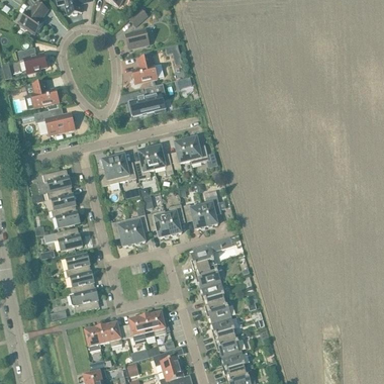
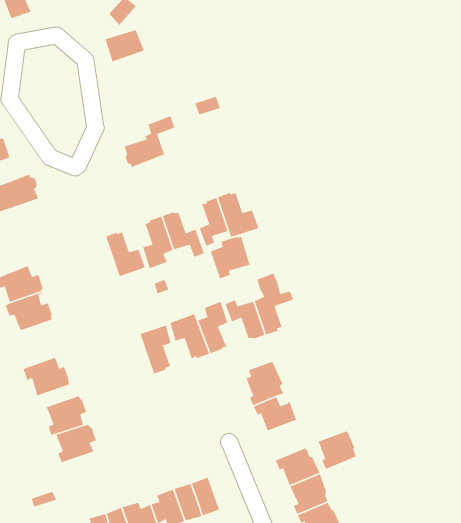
building: [131,55,164,82] -> none
building: [99,155,119,185] -> none
building: none -> [209,236,251,280]
building: [52,203,80,226] -> none
building: [111,217,134,246] -> none
building: [201,281,224,304] -> [318,430,357,470]
building: [70,287,99,311] -> none

